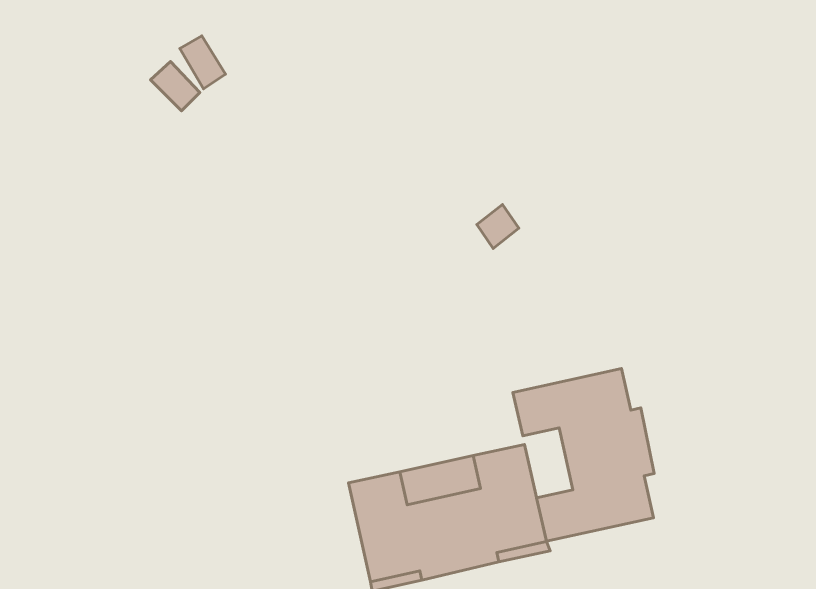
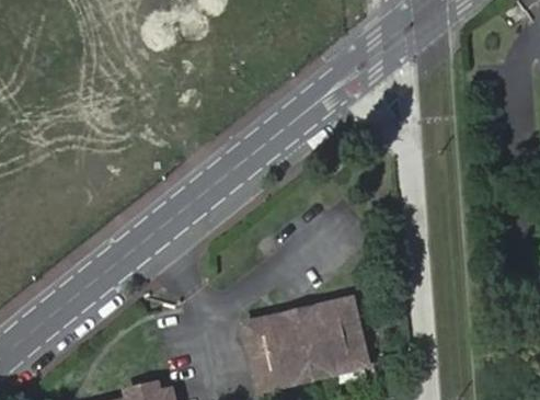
building: [513,368,654,541] -> none

